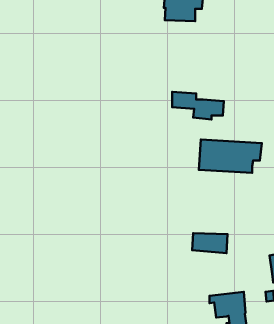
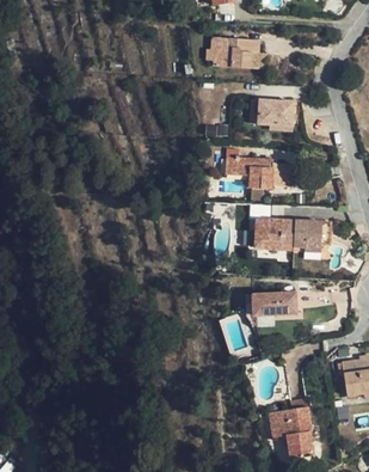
building: none -> [251,98,296,130]
building: [192,233,228,253] -> [251,289,295,314]

